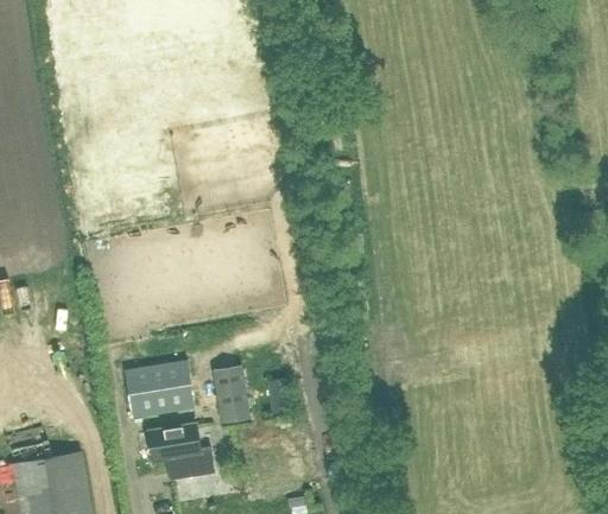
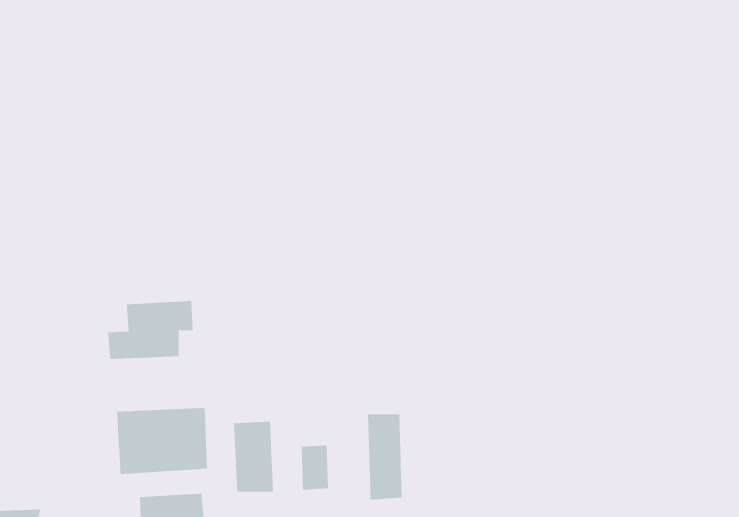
building: none -> [108,300,193,360]
building: none -> [368,414,402,501]

